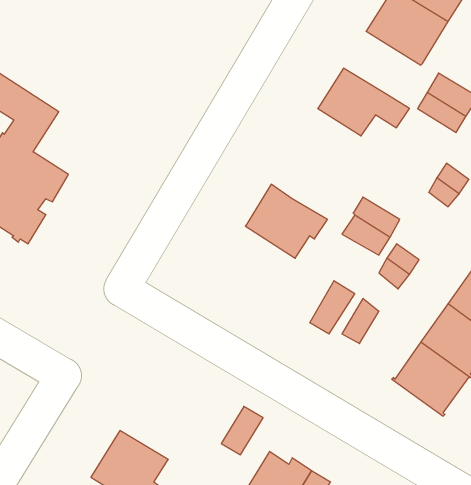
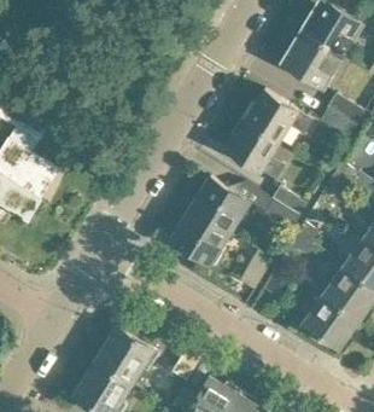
building: none -> [226,121,284,181]
building: none -> [170,209,227,266]
building: none -> [95,327,157,384]

